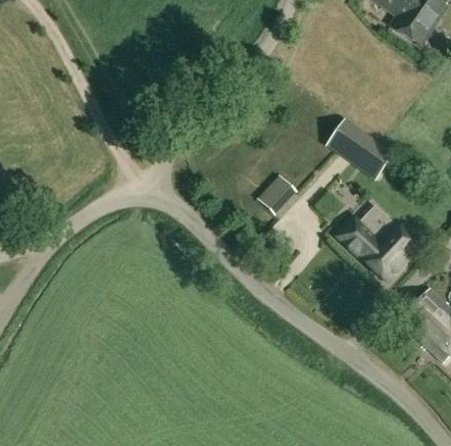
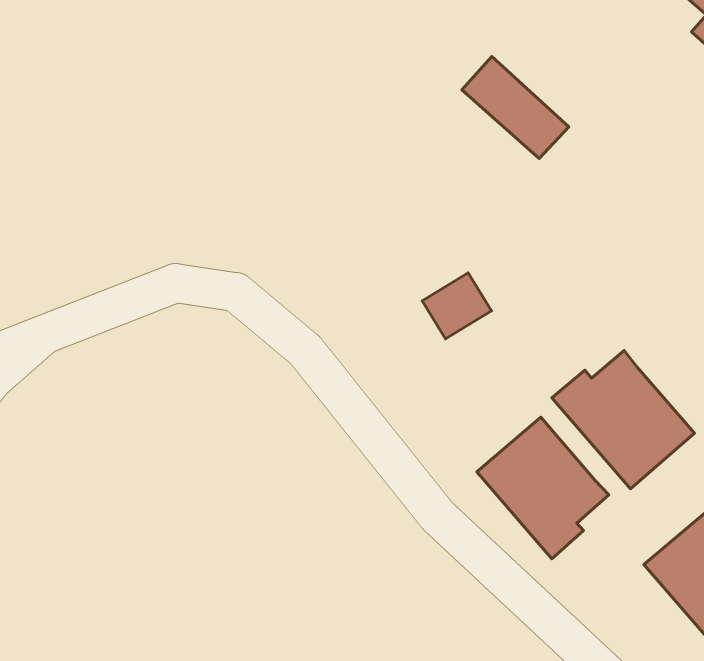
building: [331,121,392,175] -> [462,56,569,158]
building: none -> [477,417,609,559]

